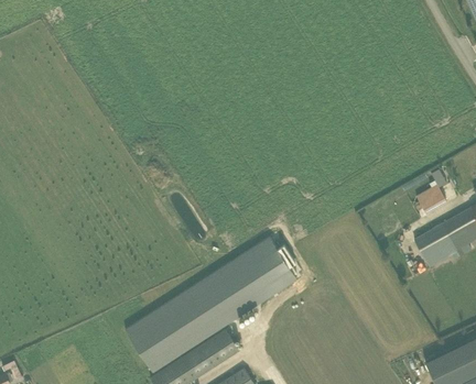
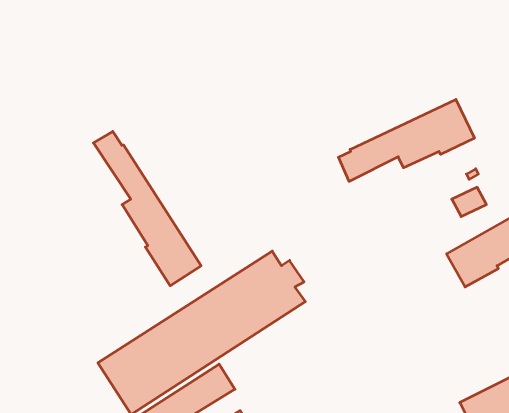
building: none -> [338,99,474,181]
building: none -> [93,131,201,286]

